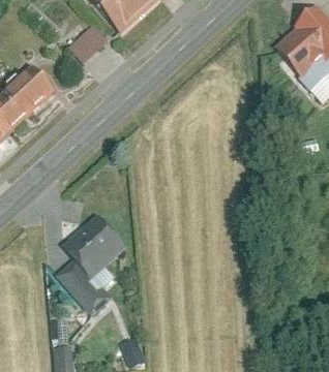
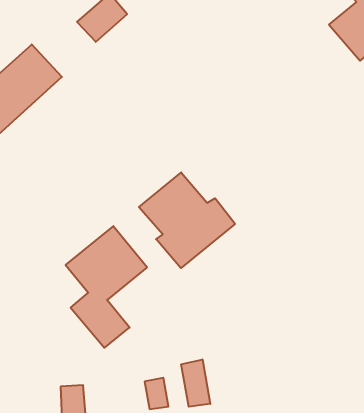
building: none -> [139,172,235,268]
building: none -> [181,359,210,407]

